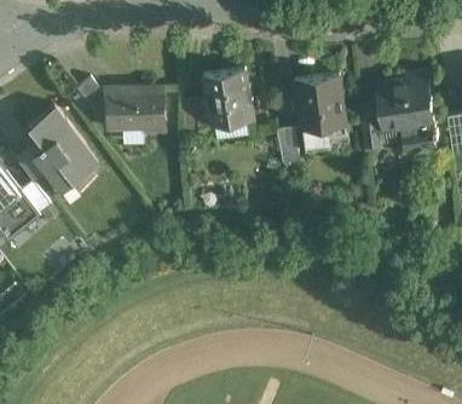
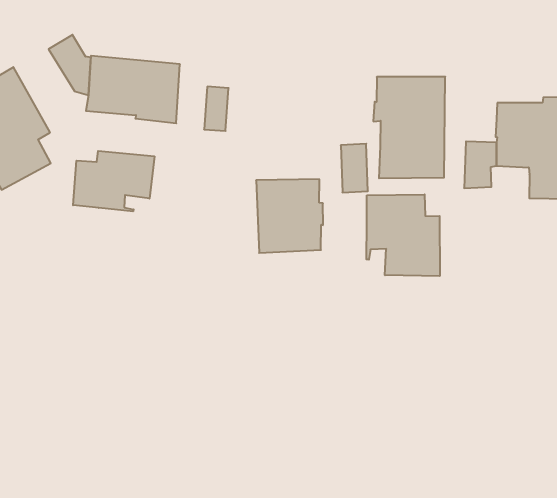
building: [204,68,255,123] -> [256,179,323,253]
building: none -> [366,194,440,276]
building: none -> [73,151,154,211]

